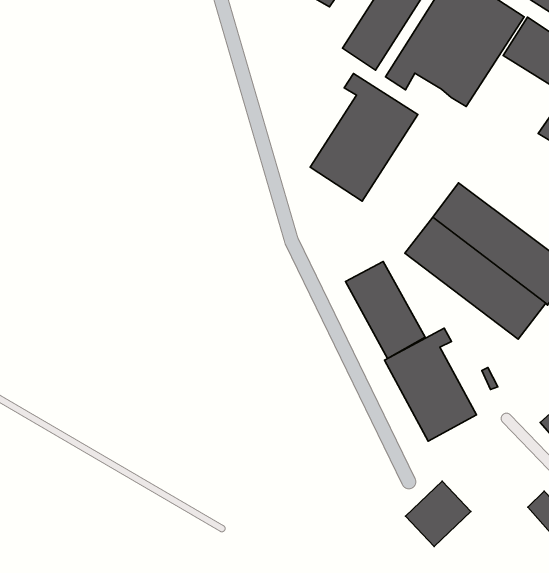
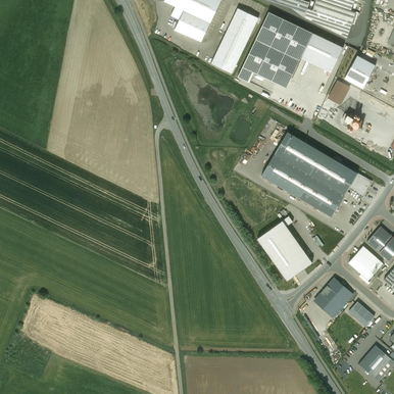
building: [310,73,418,201] -> none
building: [345,262,425,359] -> none
building: [406,481,471,547] -> [315,279,352,316]

